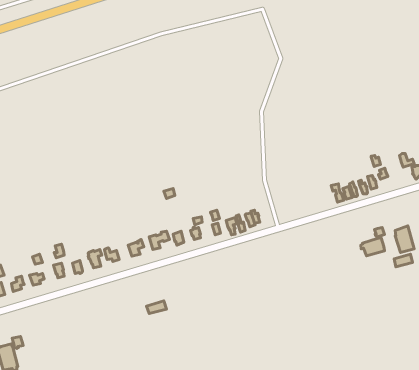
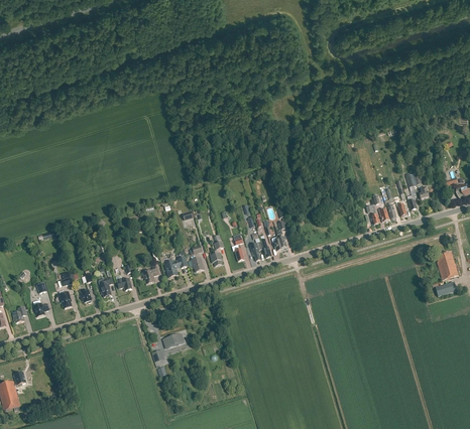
building: [361,227,385,256] -> none

